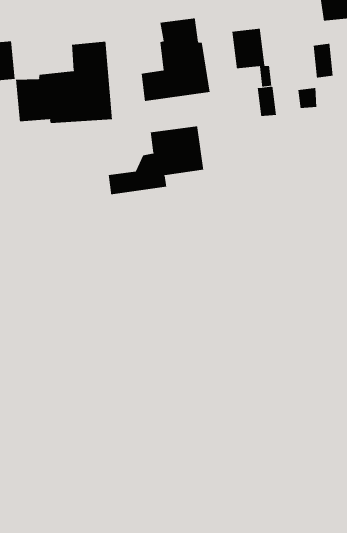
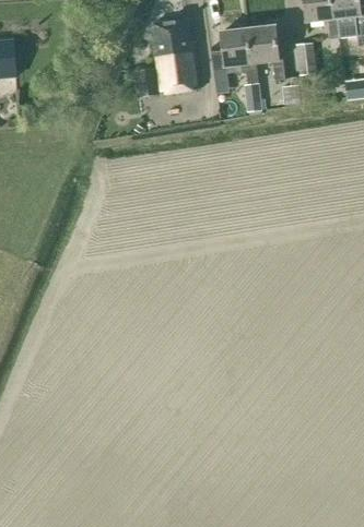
building: none -> [246,25,284,81]
building: [15,41,113,124] -> none
building: [108,126,204,195] -> none

